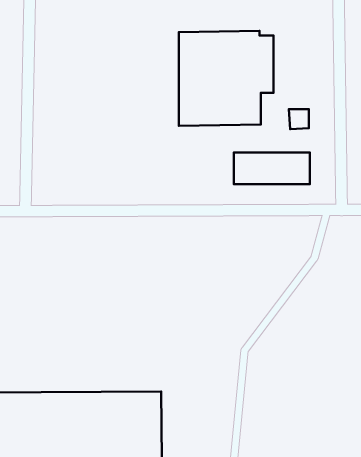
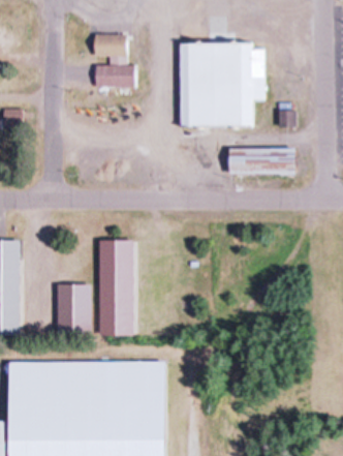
building: none -> [94,34,135,86]
building: none -> [101,241,135,337]
building: none -> [58,285,91,335]

